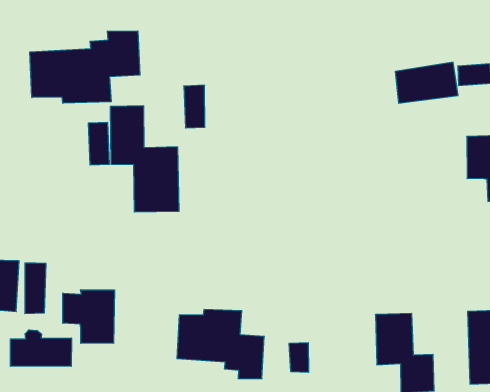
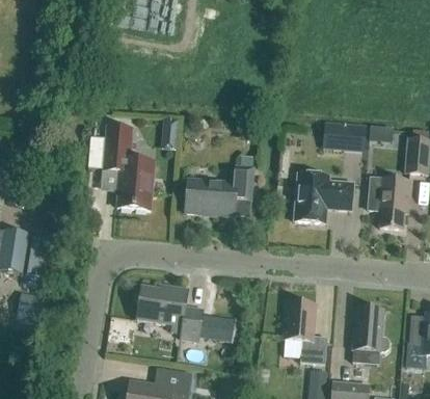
building: [30,31,140,103] -> none
building: none -> [185,166,252,216]
building: none -> [294,174,353,223]
building: [63,290,114,343] -> none
building: [10,330,71,366] -> none

